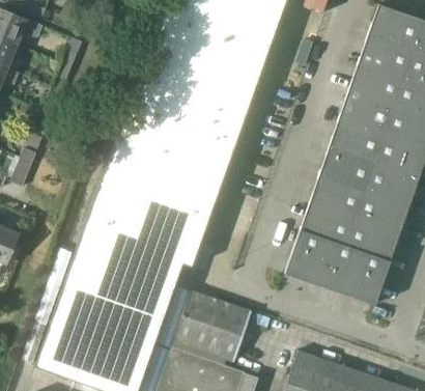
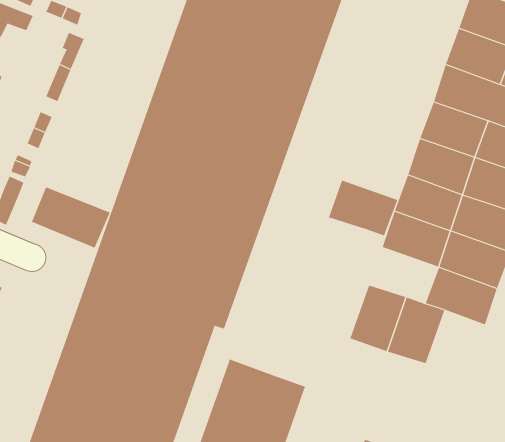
building: none -> [31,187,111,249]
building: [301,203,355,247] -> [328,180,398,236]
building: [345,252,391,305] -> none

